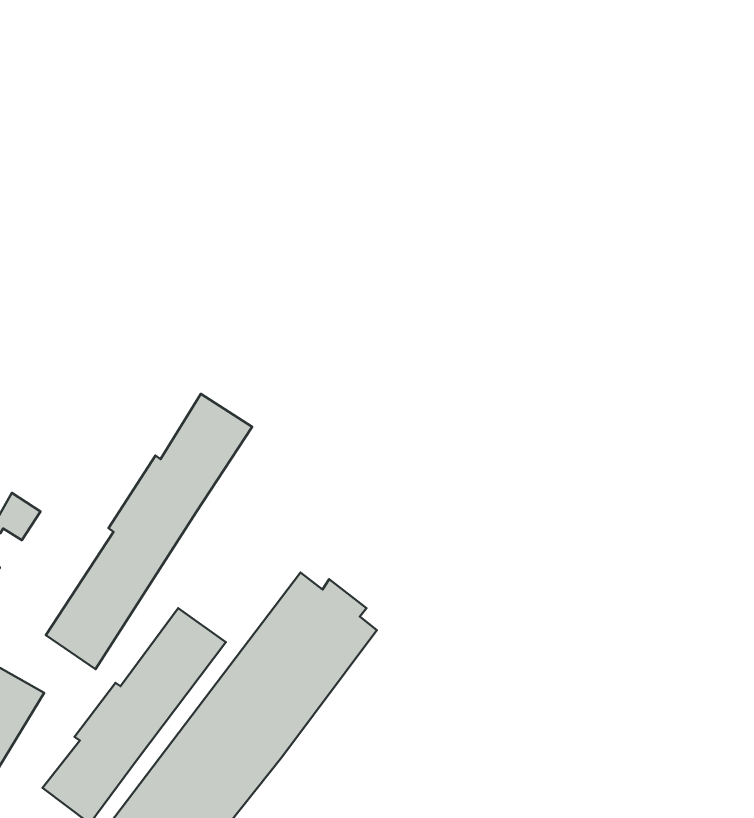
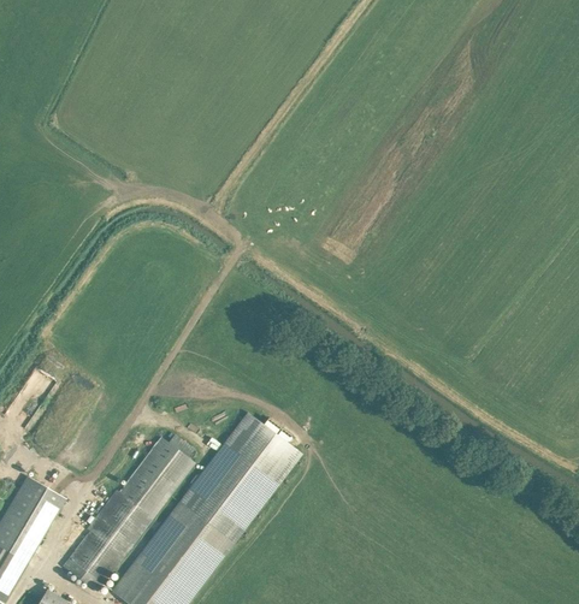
building: [46,394,252,669] -> none

